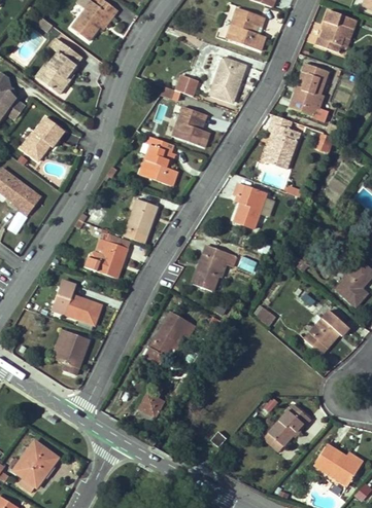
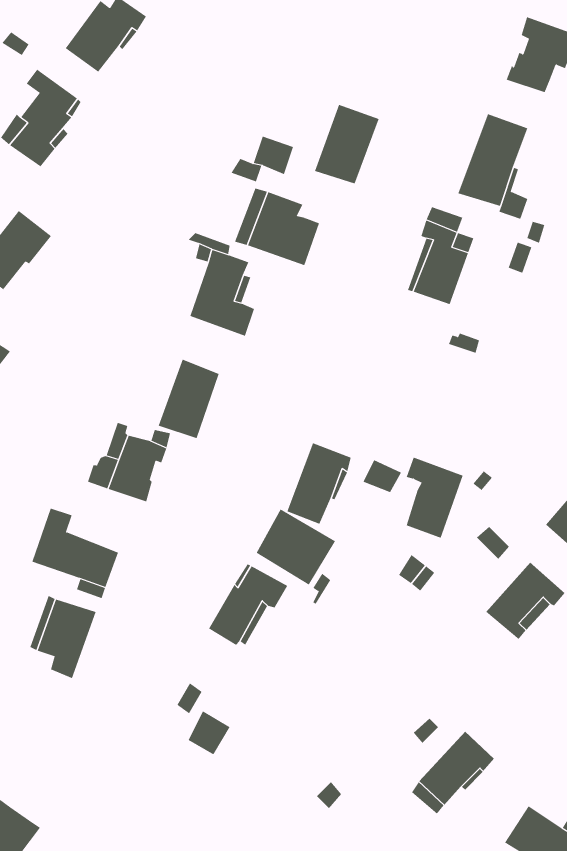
building: [226,8,265,50] -> none
building: [234,183,266,228] -> [406,457,464,539]
building: none -> [256,509,336,586]

